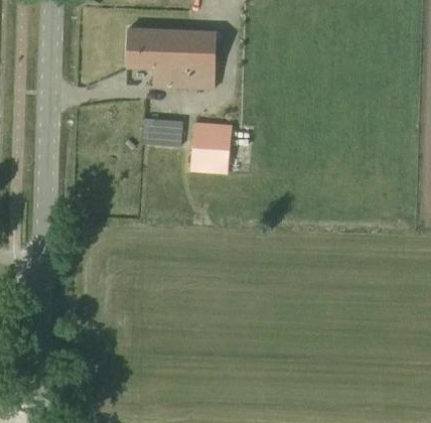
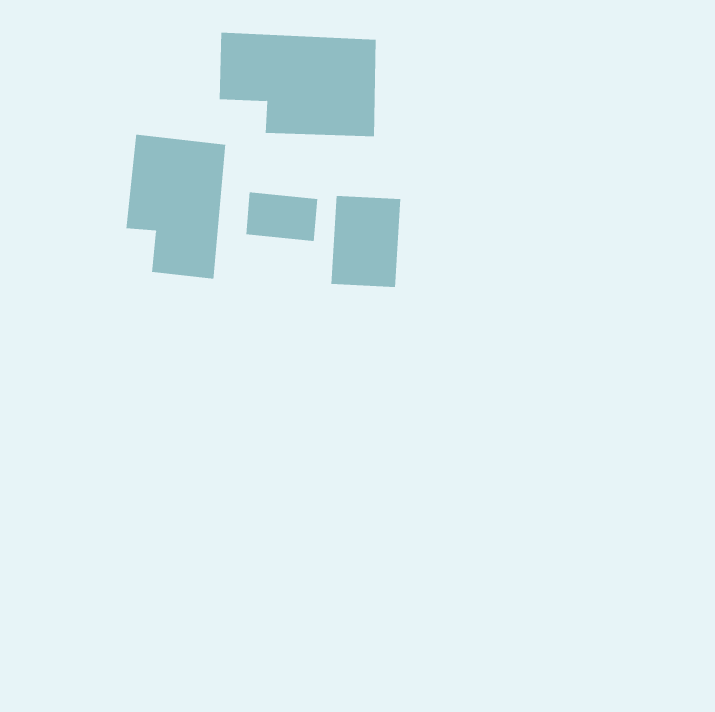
building: none -> [126,134,226,279]

